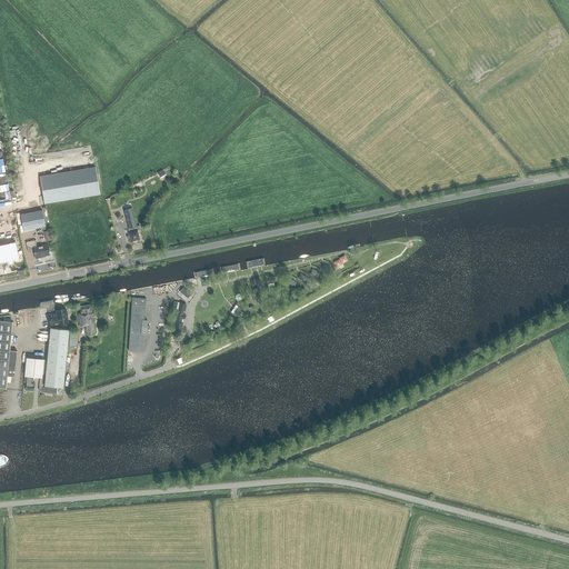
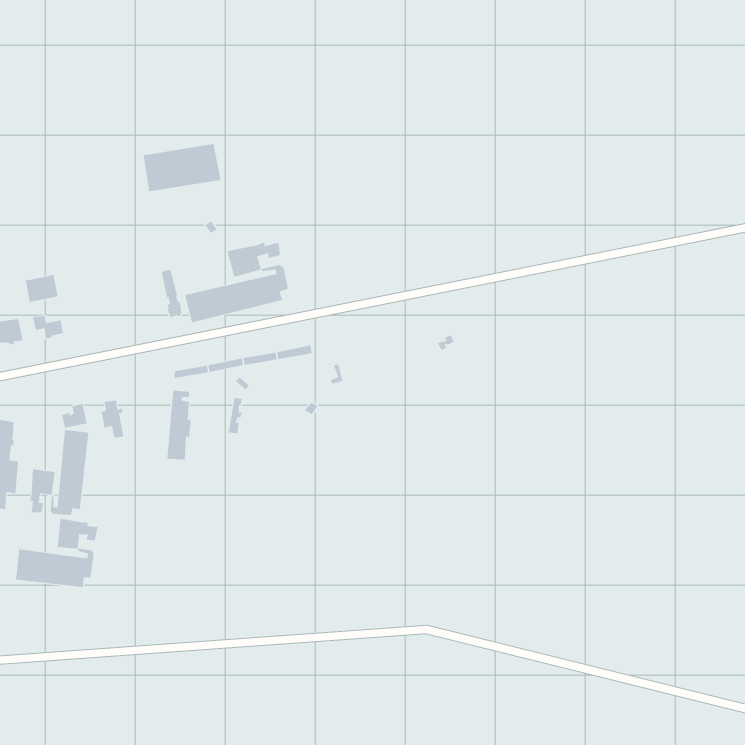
building: [39,166,99,202] -> [143,144,222,192]
building: none -> [185,242,289,323]
building: none -> [15,518,98,588]

